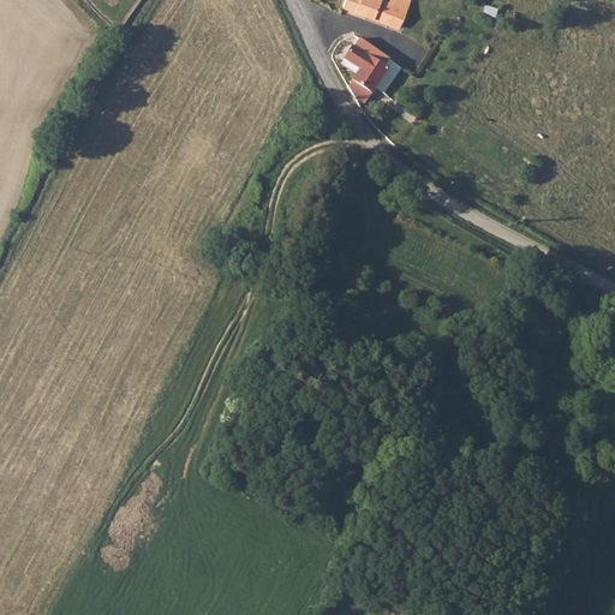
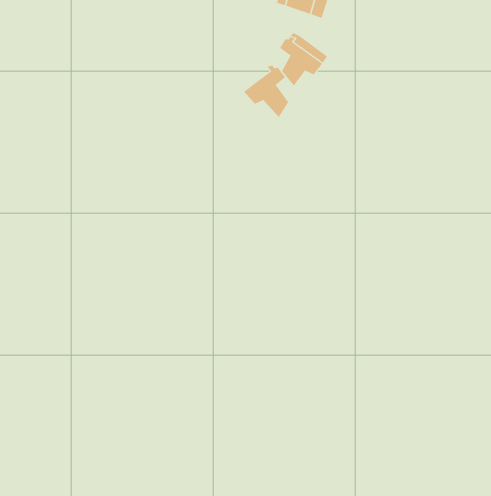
building: none -> [243,65,289,118]

